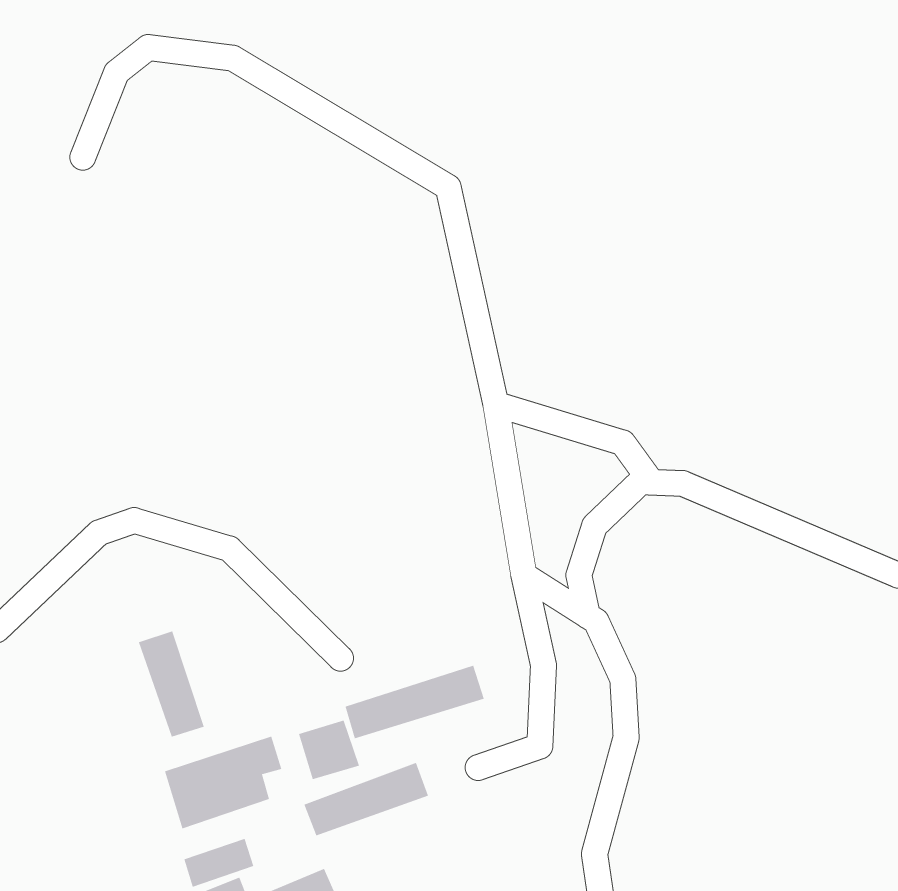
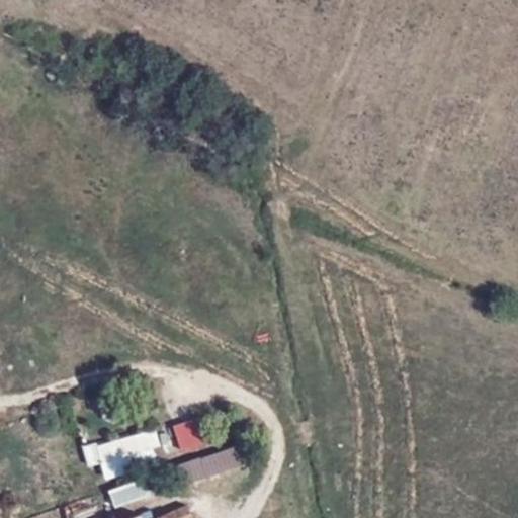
building: [138,630,204,738] -> none
building: [345,665,484,739] -> none

